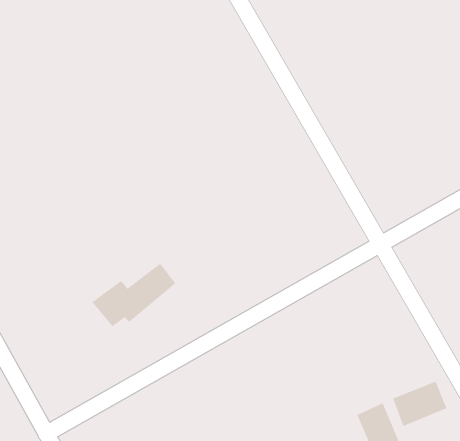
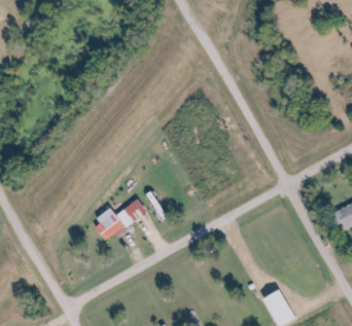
building: [393,381,447,427] -> none

